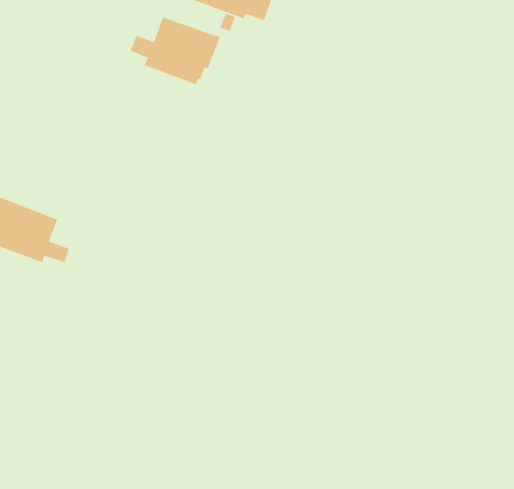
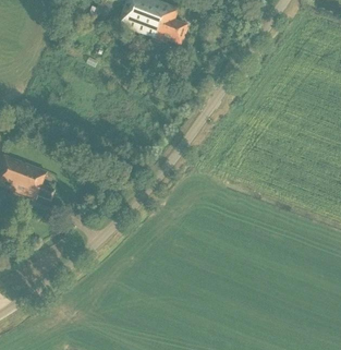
building: [130,17,221,85] -> none

